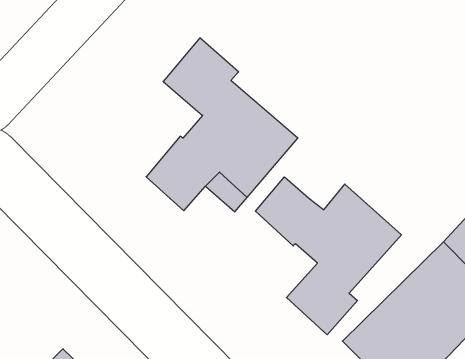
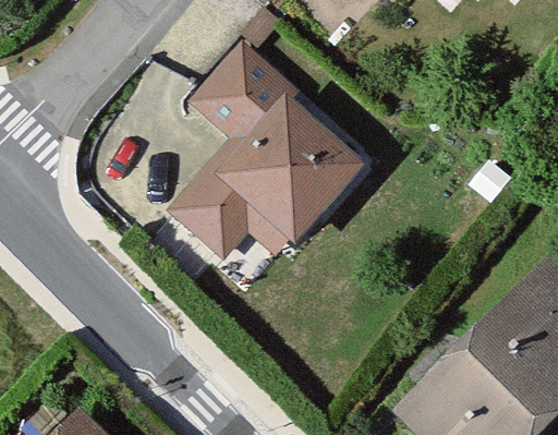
building: [255,177,401,335] -> none

